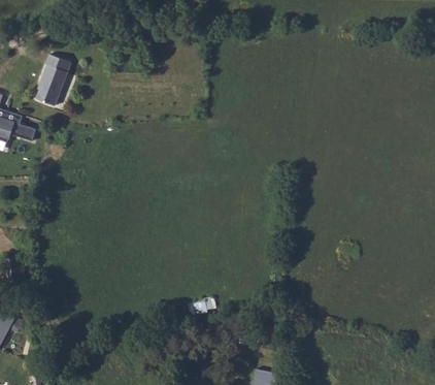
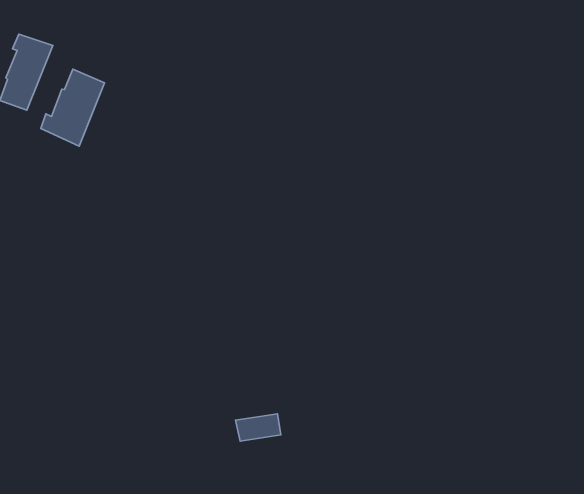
building: none -> [41,69,104,146]

